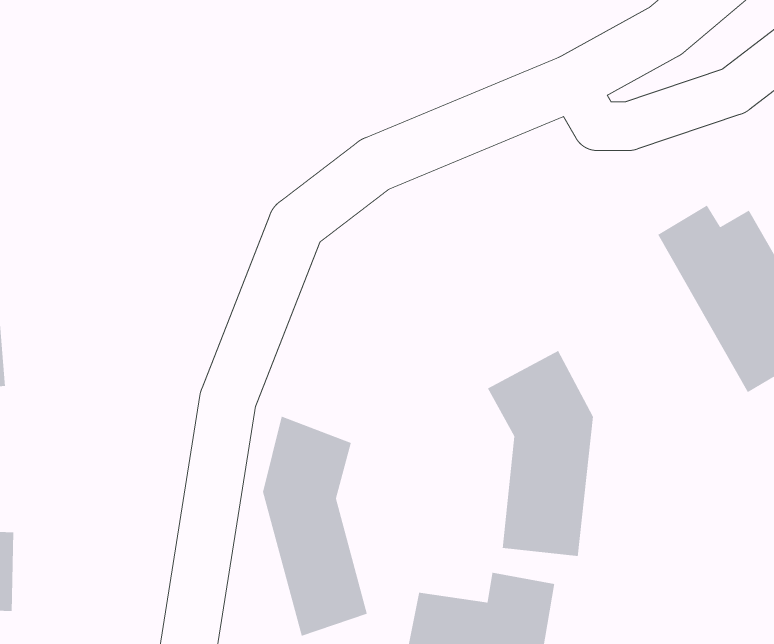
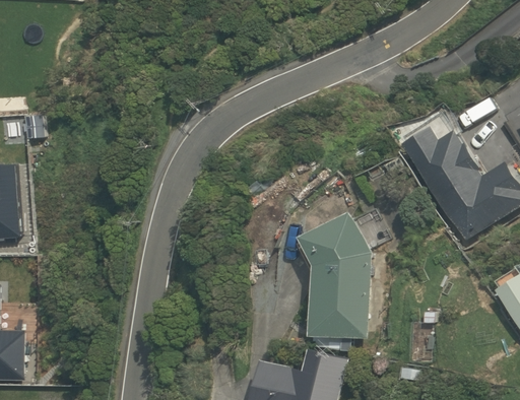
building: [262,415,368,637] -> none

